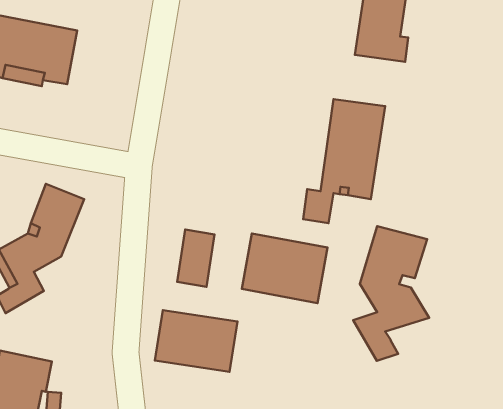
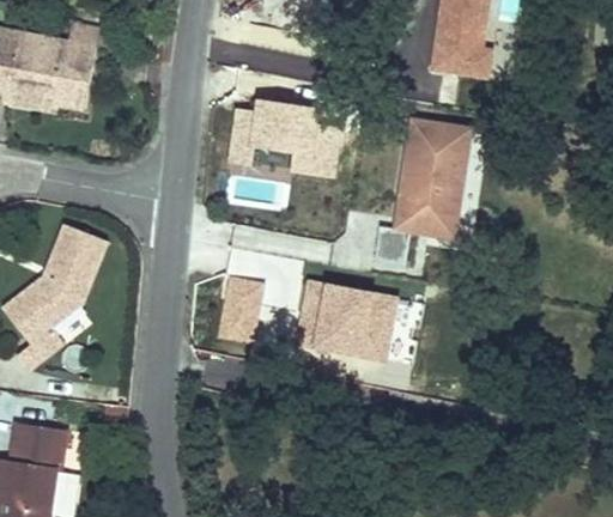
building: none -> [230,99,342,177]
building: [353,226,429,361] -> none
building: [155,310,238,372] -> none

